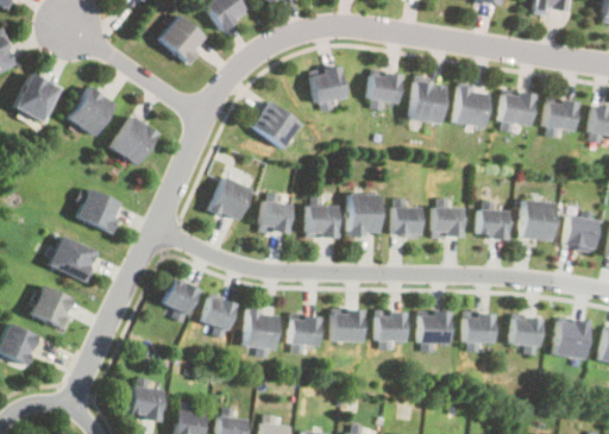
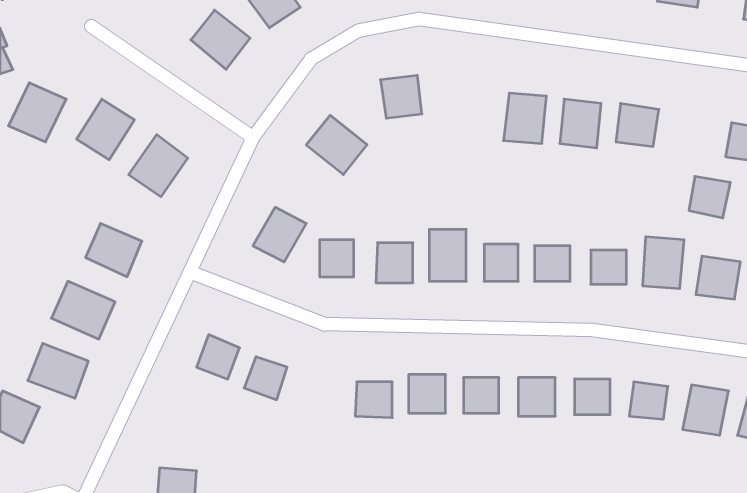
building: [370,74,401,105] -> none
building: [545,101,578,134] -> [689,176,730,218]
building: [245,309,280,350] -> none

